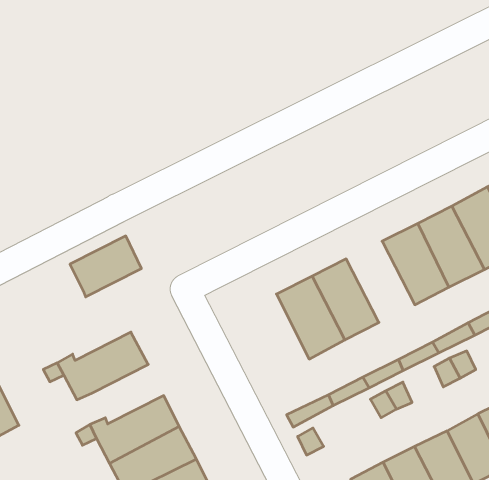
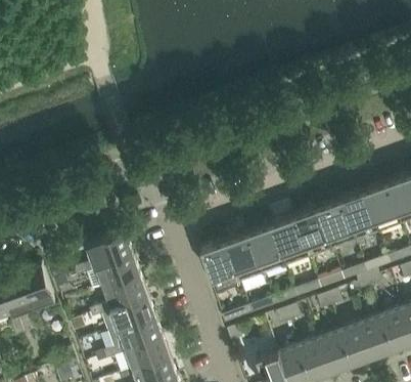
building: [70,236,141,297] -> [87,229,131,264]
building: none -> [270,214,309,264]
building: none -> [200,239,239,290]
building: none -> [102,272,146,306]

